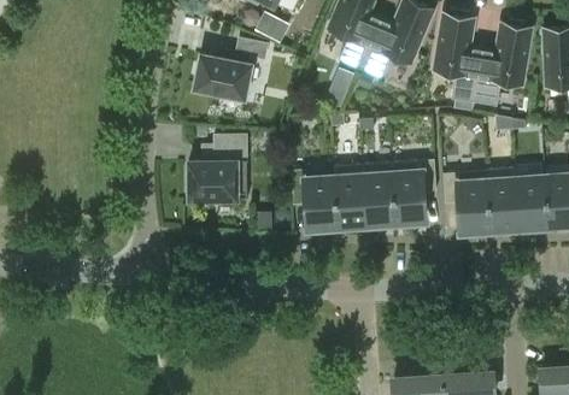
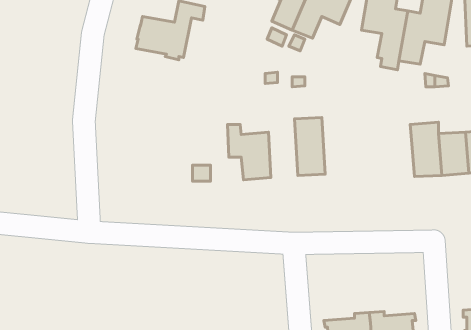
building: [188,136,246,201] -> none
building: [391,160,435,224] -> none
building: [333,165,365,228] -> none
building: [442,173,489,229] -> none

